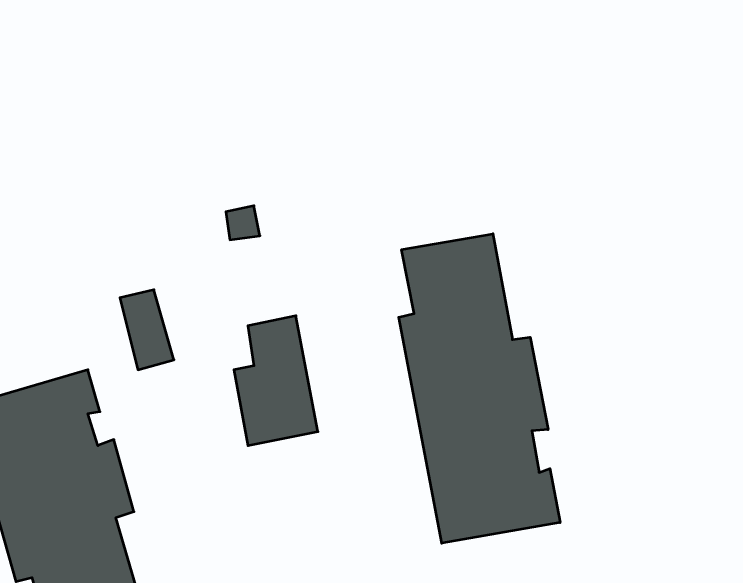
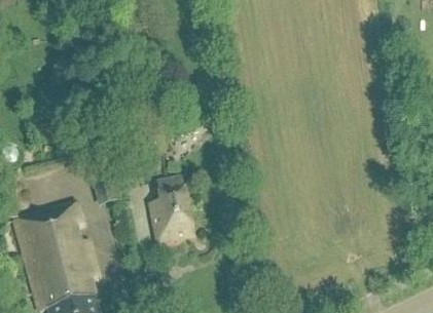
building: [399,234,560,543] -> none

